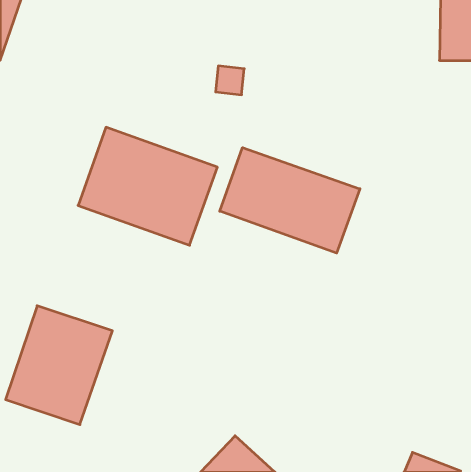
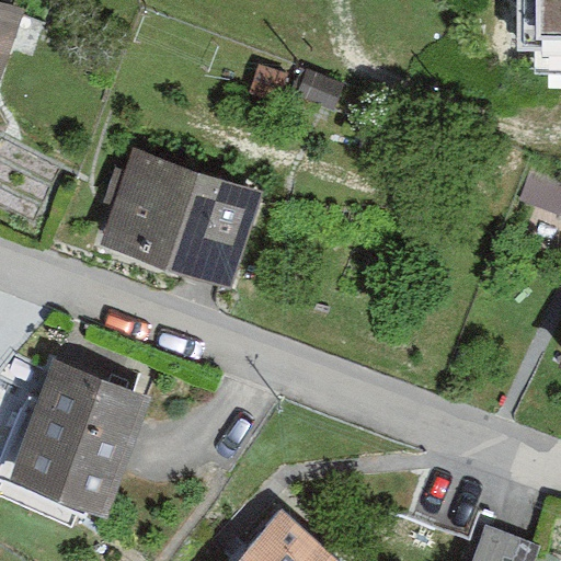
building: [220,148,360,253] -> none

